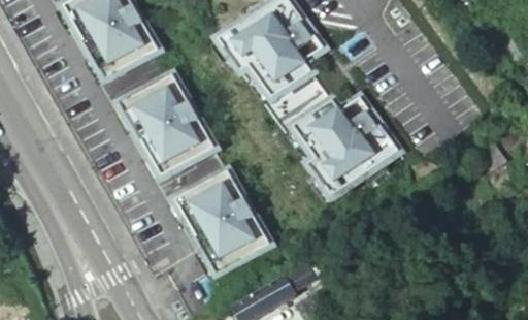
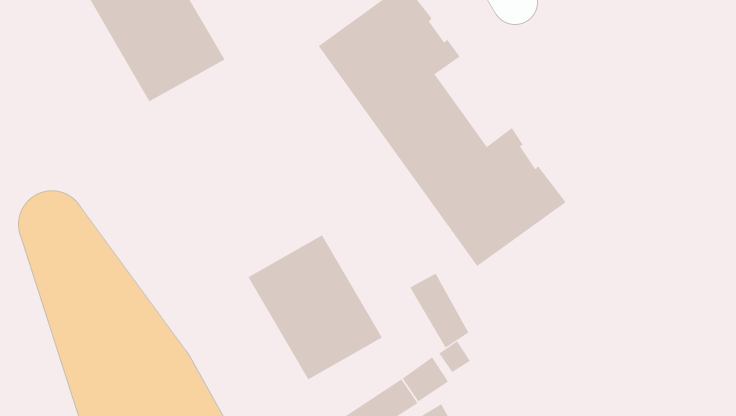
building: [119,74,213,177] -> none
building: none -> [410,273,469,349]

